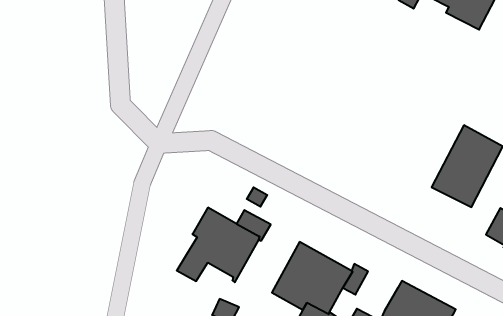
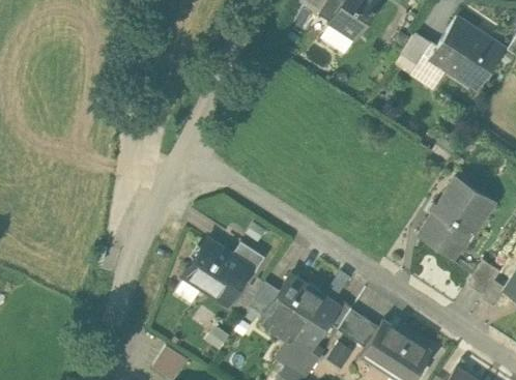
building: none -> [242,282,276,314]
building: none -> [339,310,380,348]

